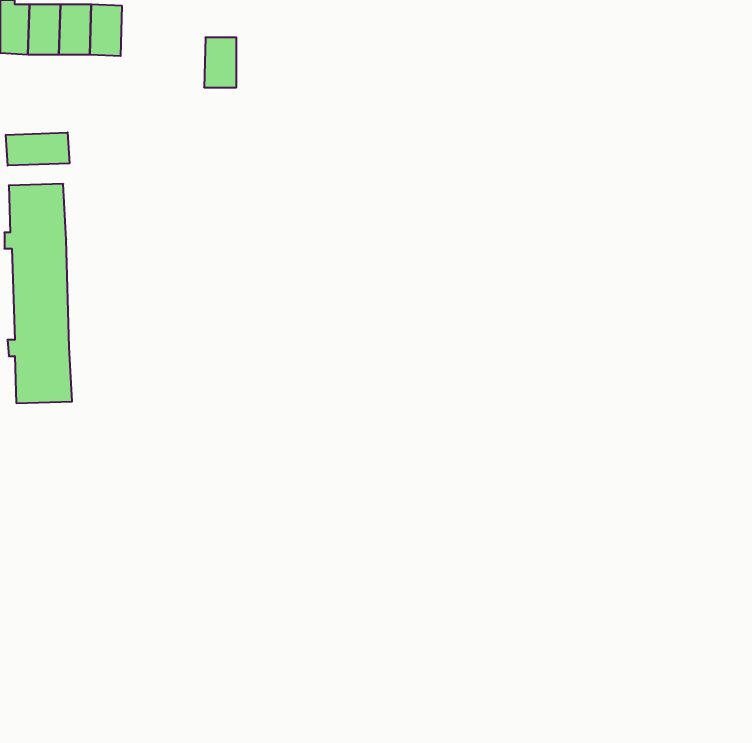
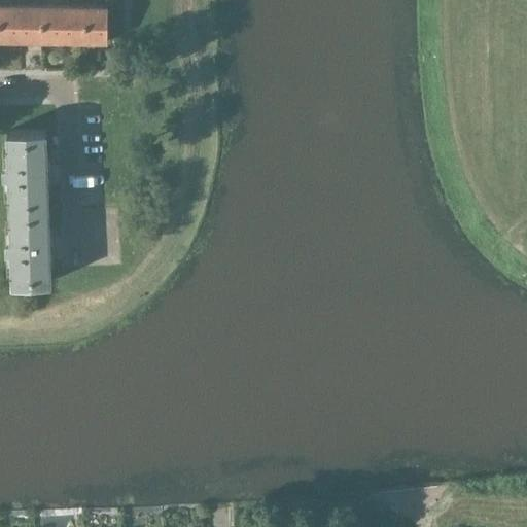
building: [204,37,236,87] -> [84,10,107,45]
building: [6,132,69,166] -> none

